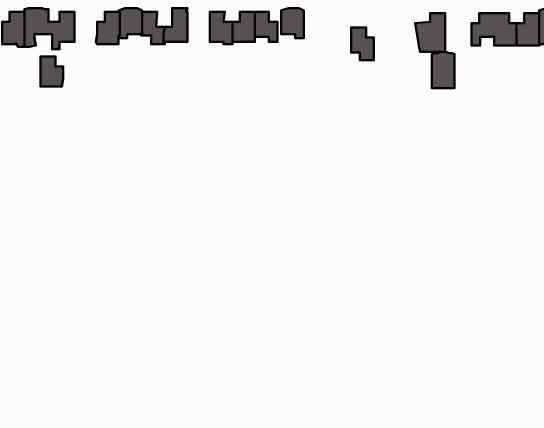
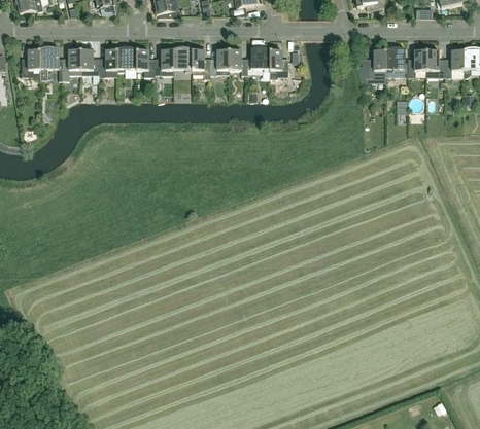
building: none -> [173,45,193,70]
building: [351,28,374,60] -> [270,48,288,75]
building: [432,52,454,88] -> [386,45,405,75]
building: [41,56,63,86] -> [81,48,100,73]

